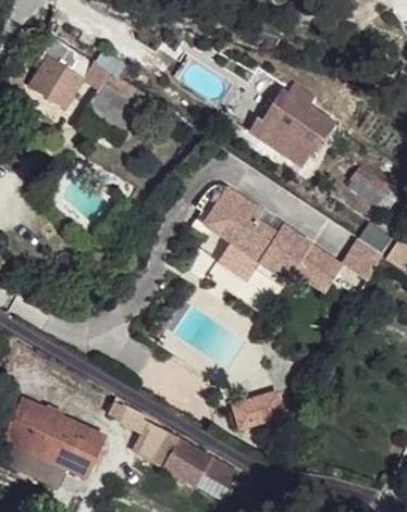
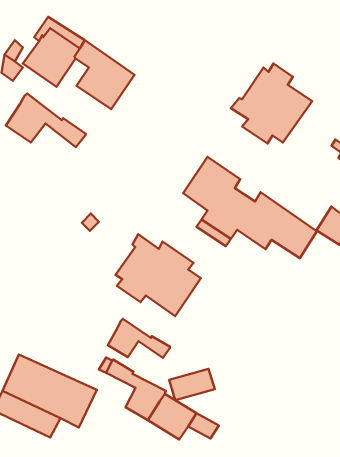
building: none -> [6,93,86,147]
building: none -> [115,234,201,316]
building: none -> [108,319,170,358]
building: [234,390,283,424] -> [169,369,215,400]

